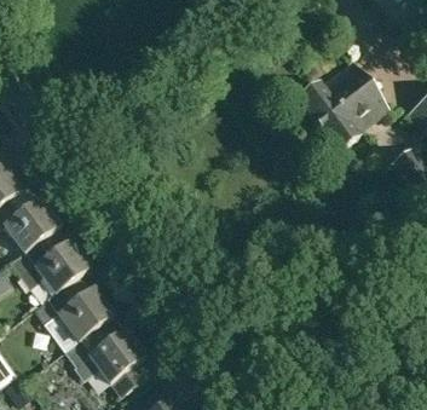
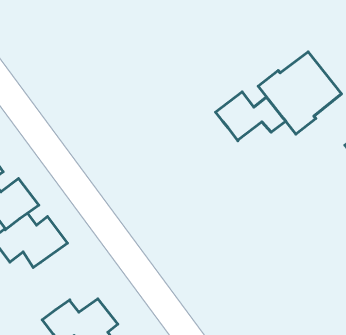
building: none -> [215,92,286,141]
building: [34,287,115,341] -> none

